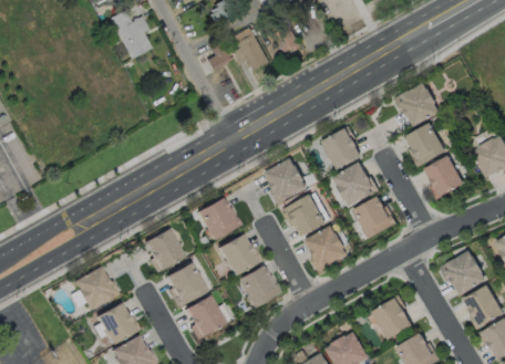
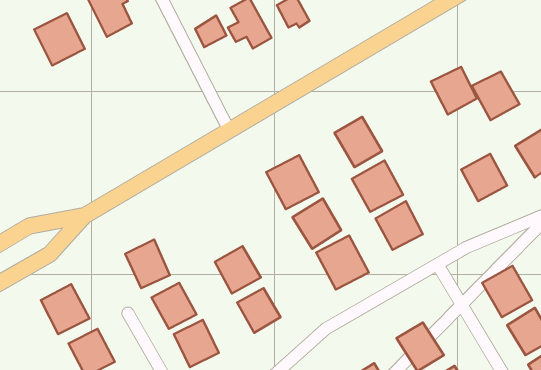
building: none -> [34,13,85,65]
building: [406,124,446,165] -> [472,71,519,120]
building: [197,195,238,238] -> none

